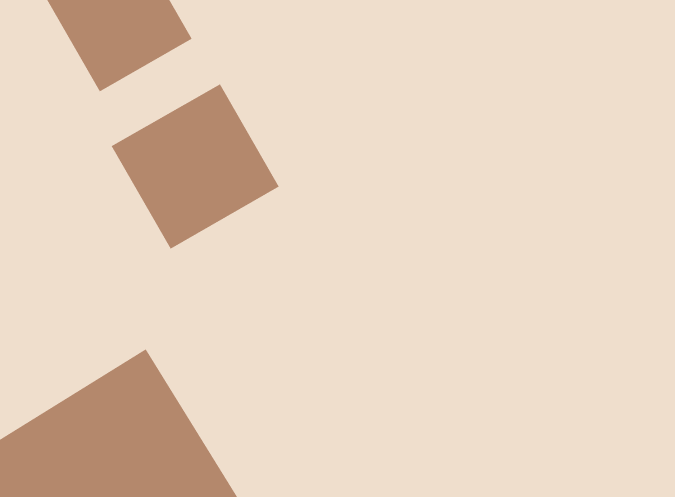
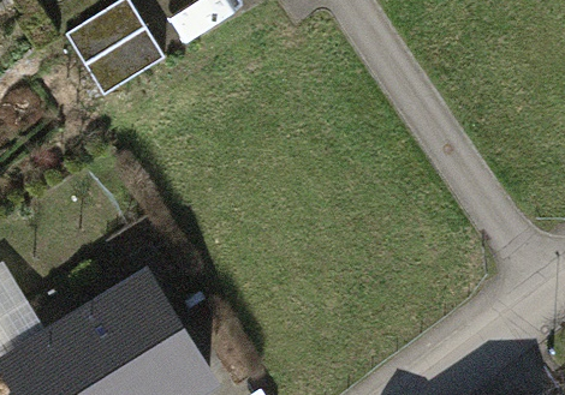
building: [111,83,279,249] -> none

